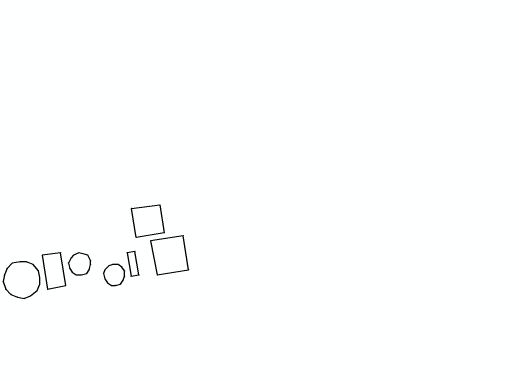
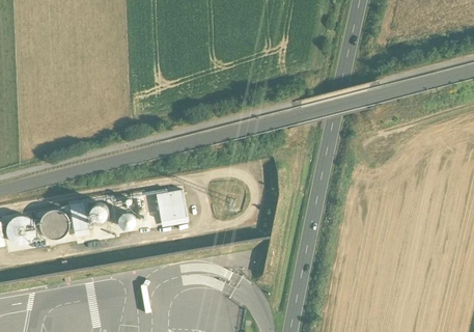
building: [132,205,164,237] -> none

